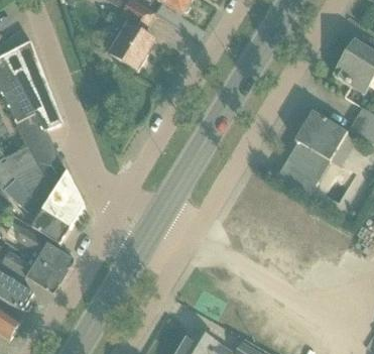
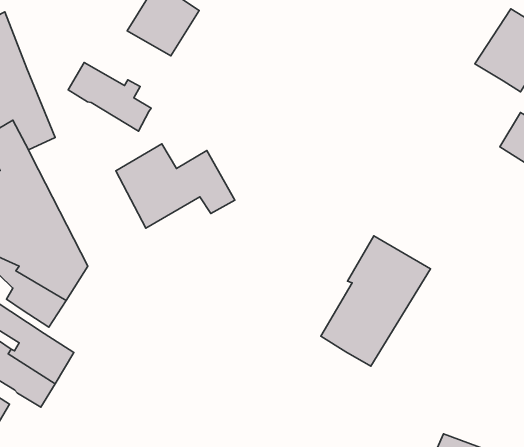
building: none -> [68,63,151,131]
building: [277,111,348,195] -> [321,236,430,366]
building: none -> [116,144,235,228]

